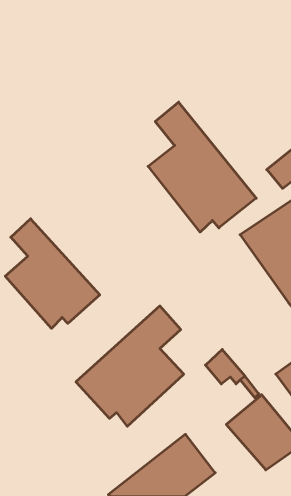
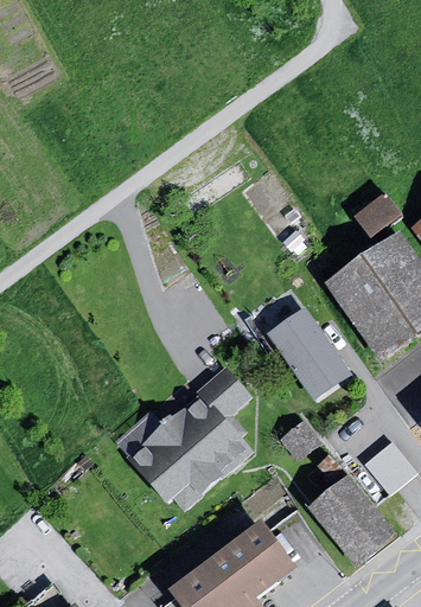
building: [148,102,256,232] -> none
building: [5,219,100,328] -> none
building: none -> [263,311,358,405]

